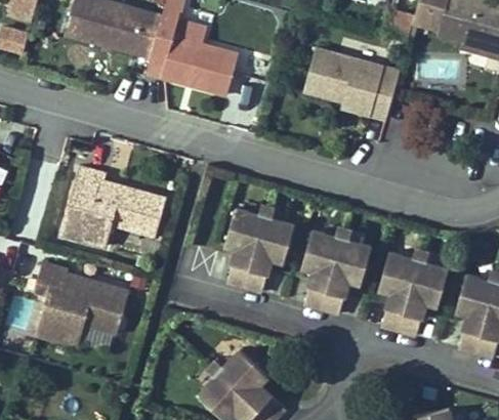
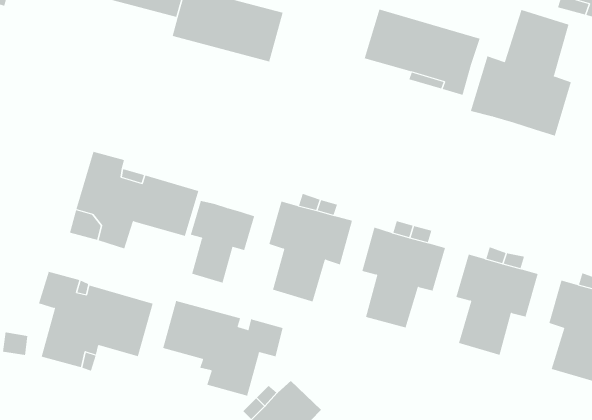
building: none -> [470,9,572,136]
building: none -> [190,200,255,283]
building: none -> [162,300,283,397]

